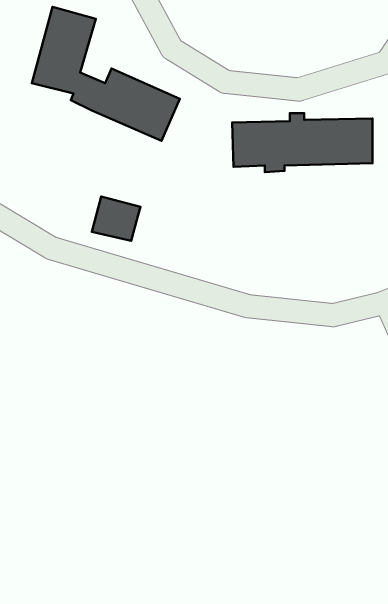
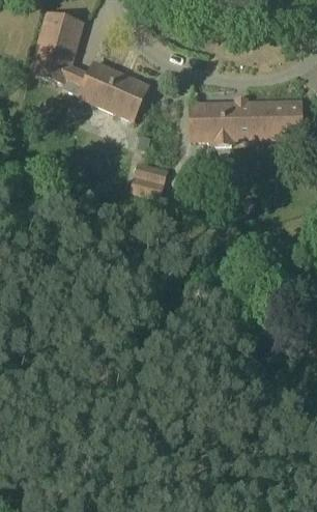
building: [92,196,140,241] -> [129,162,168,197]

